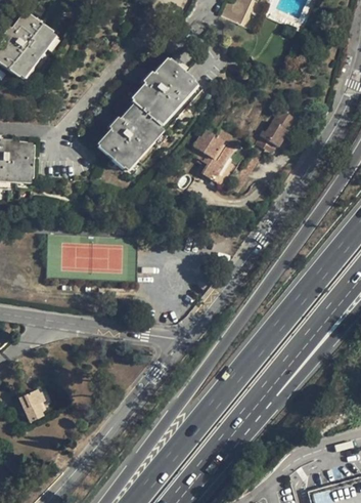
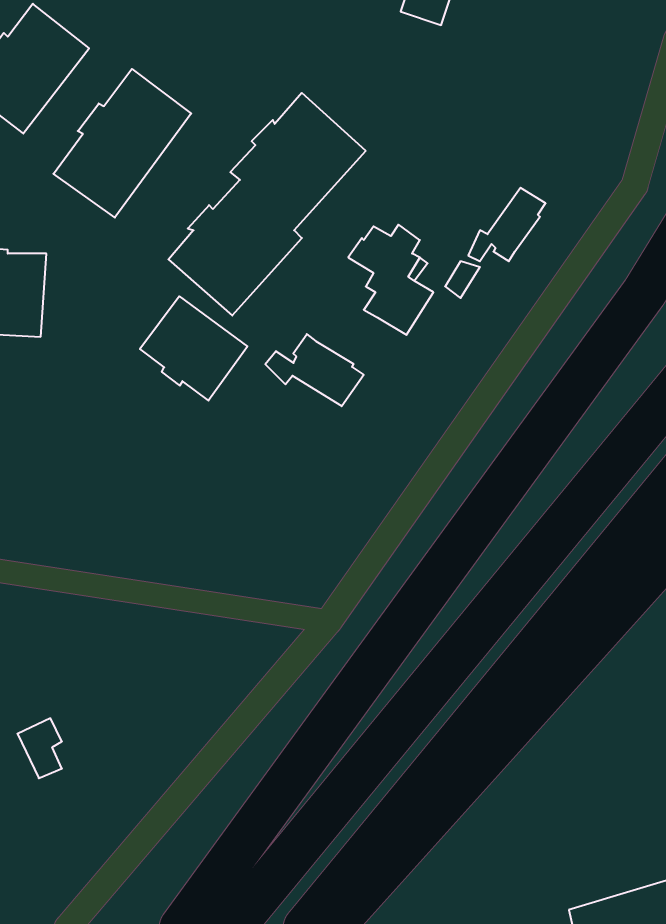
building: none -> [53,69,191,218]
building: none -> [140,296,247,401]
building: none -> [265,334,364,406]

